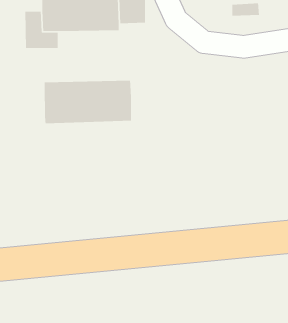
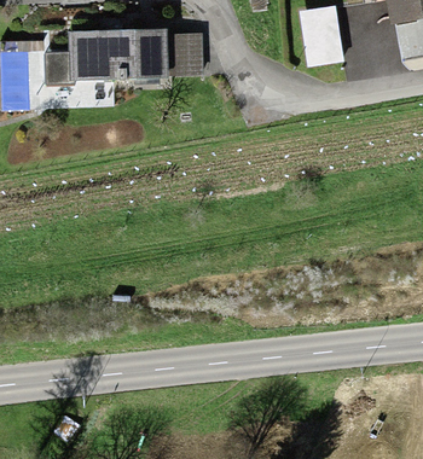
building: [44,80,132,124] -> none

